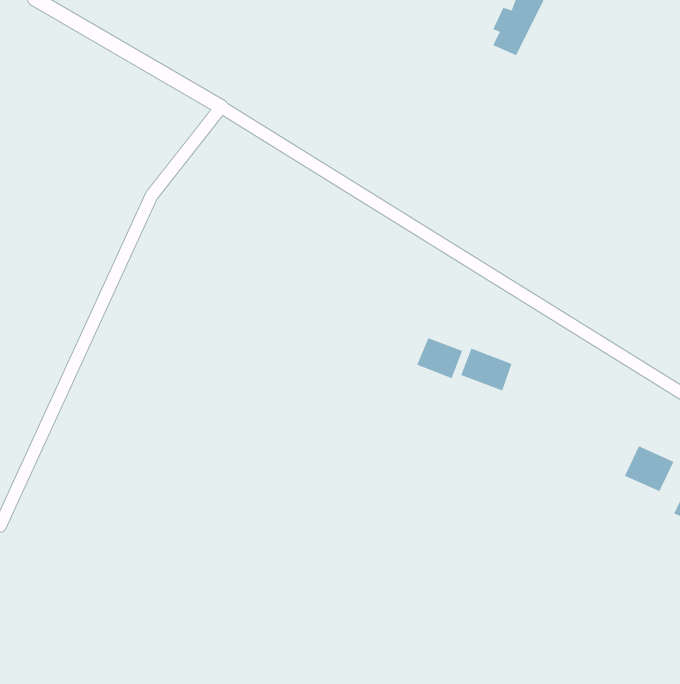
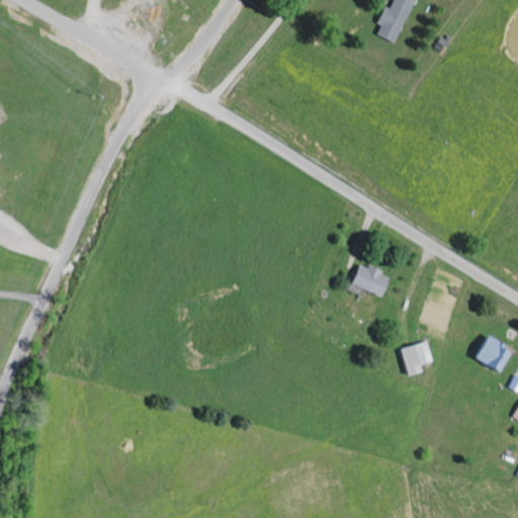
building: [416,337,463,379] -> none
building: none -> [401,341,435,374]

